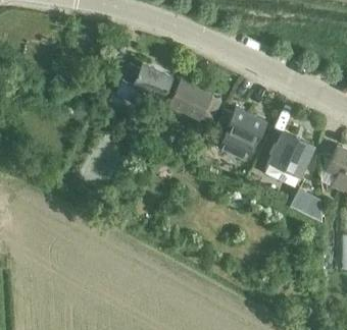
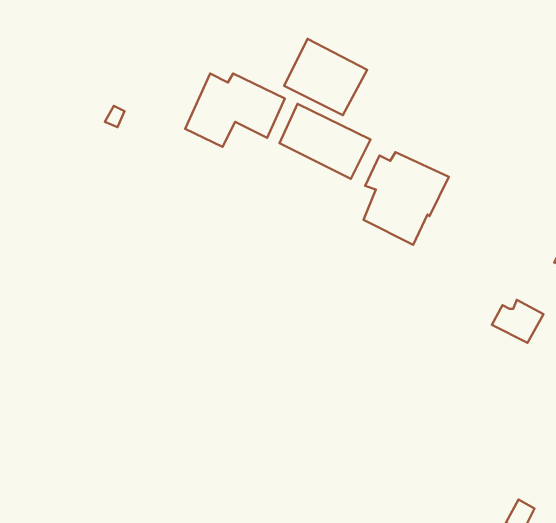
building: none -> [284,39,367,115]
building: [265,130,314,185] -> none

